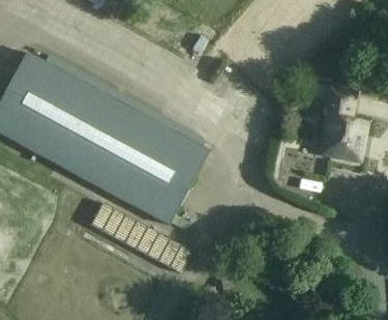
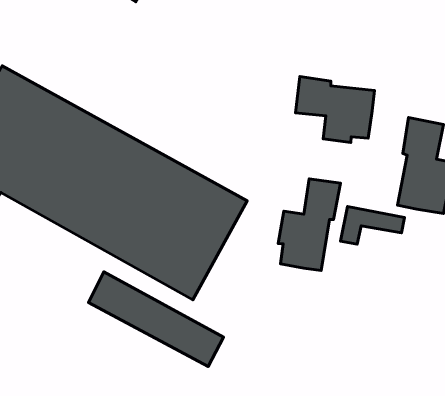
building: none -> [296,76,374,143]
building: none -> [278,179,340,270]

